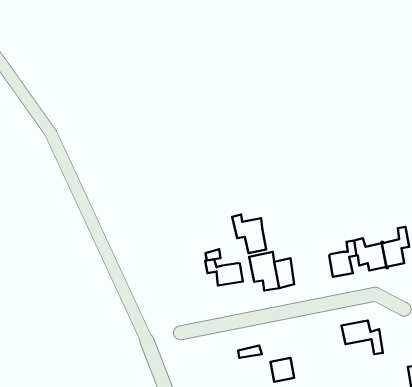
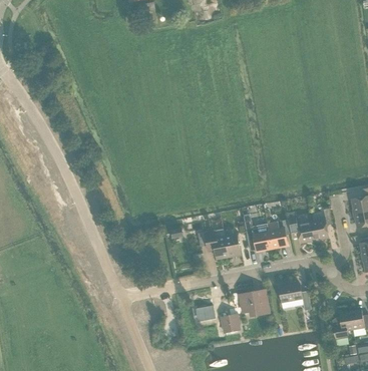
building: [232,214,266,253] -> [244,220,271,251]
building: [205,259,243,285] -> none
building: none -> [239,290,269,314]

